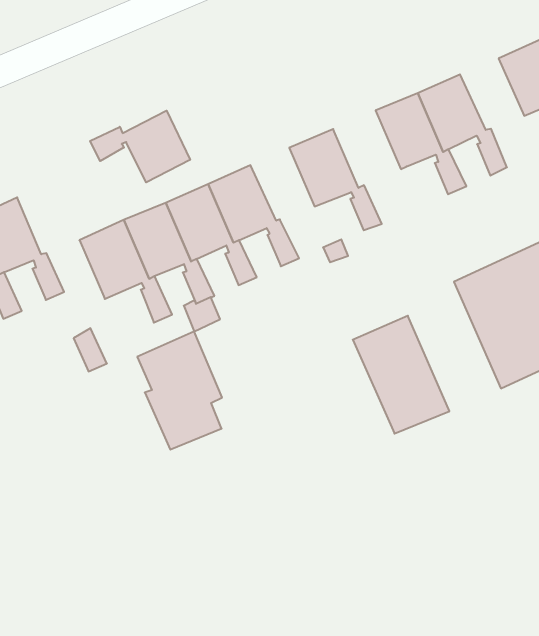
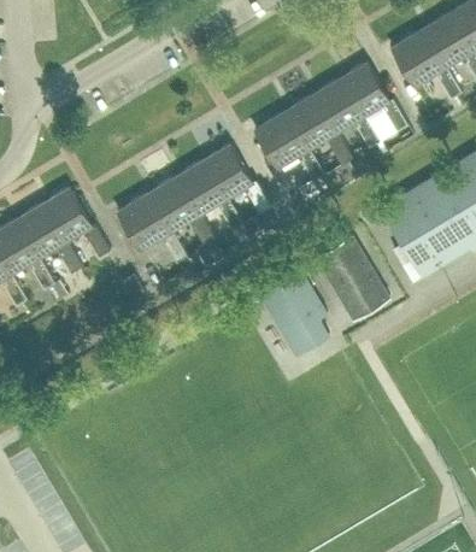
building: none -> [283,95,353,164]
building: [90,111,190,182] -> none
building: [137,331,222,450] -> [264,269,329,353]

